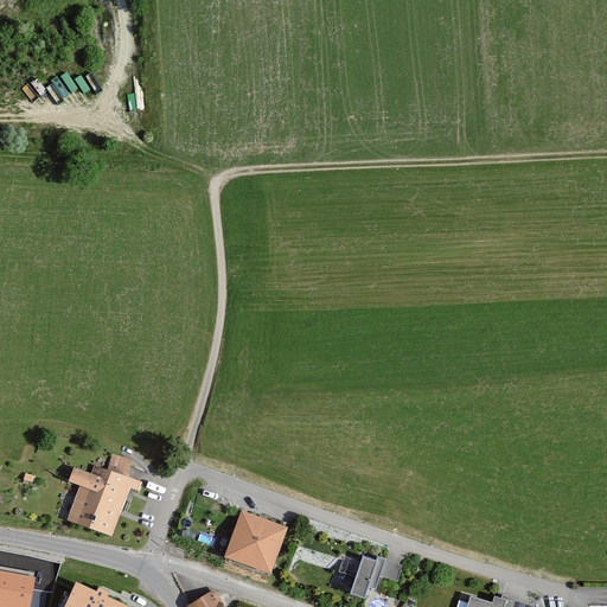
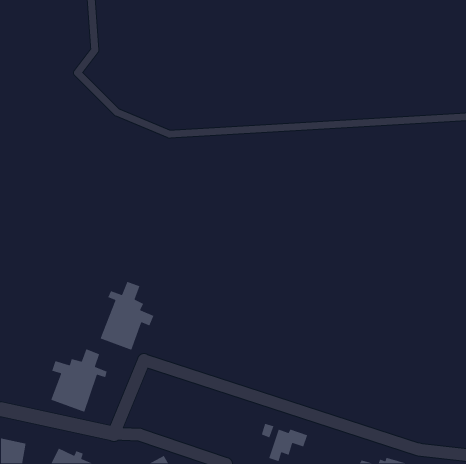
building: none -> [99,281,154,351]
building: [224,512,286,575] -> none

